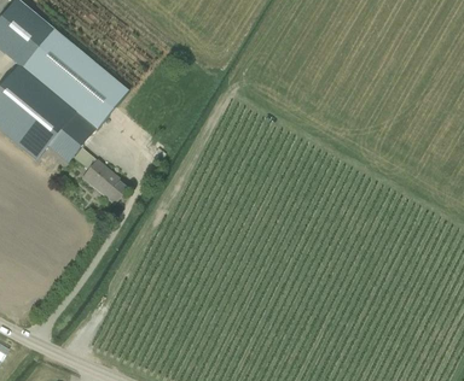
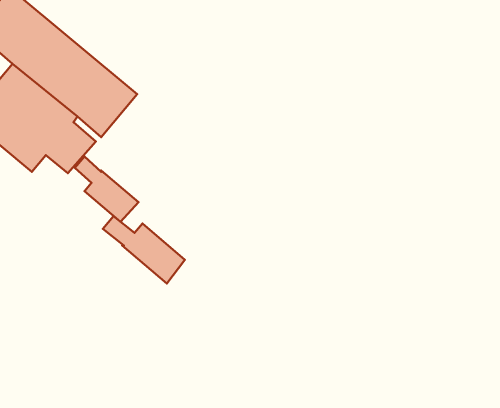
building: none -> [103,216,185,283]

